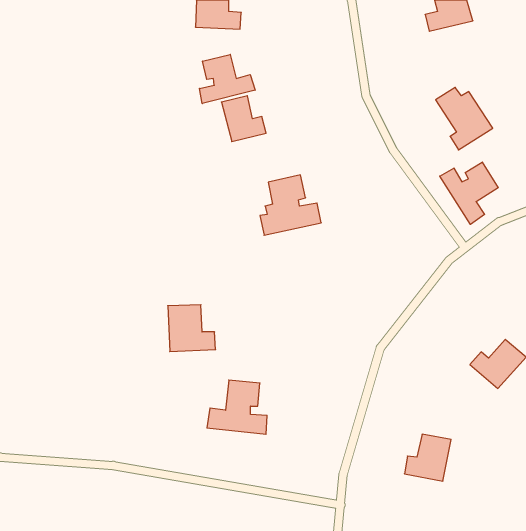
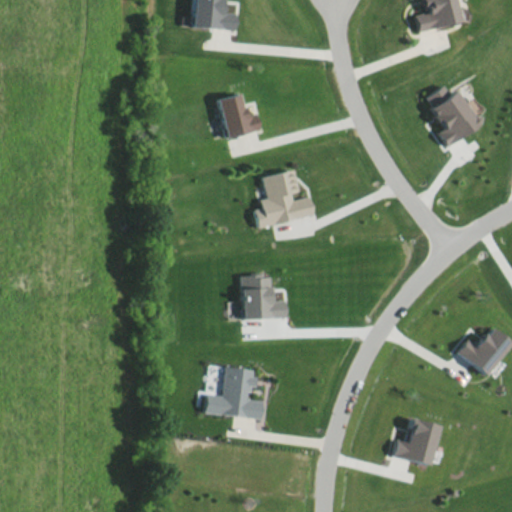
building: [199,54,255,104] -> none
building: [440,162,498,224] -> none
building: [168,305,216,352] -> [241,274,287,319]

